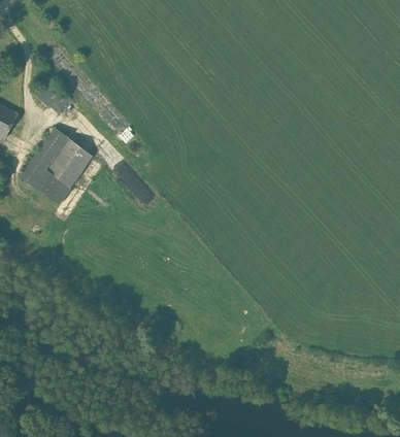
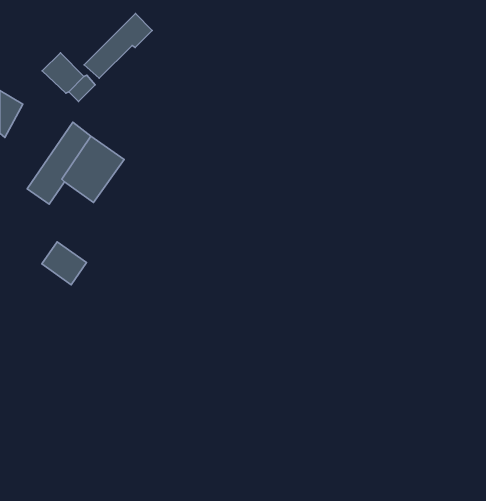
building: none -> [84,14,152,78]
building: [37,172,70,204] -> [42,242,86,285]

